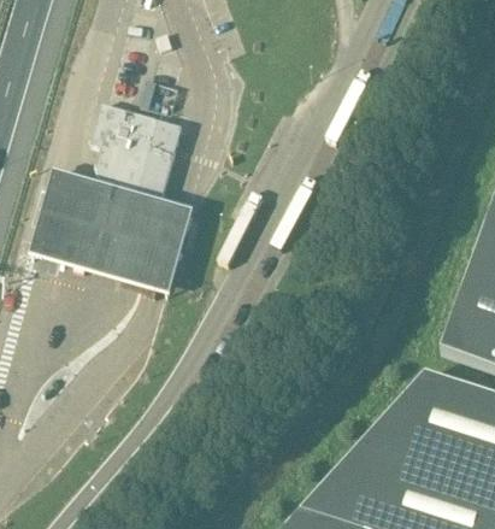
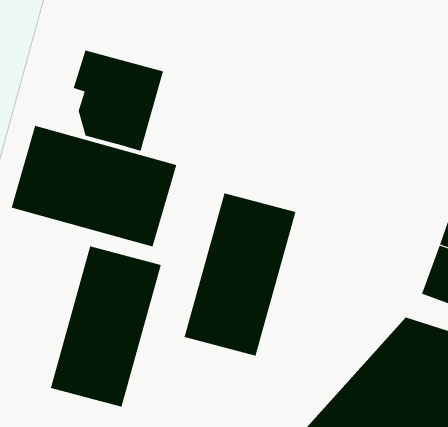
building: none -> [184,193,296,357]
building: none -> [50,245,161,407]

